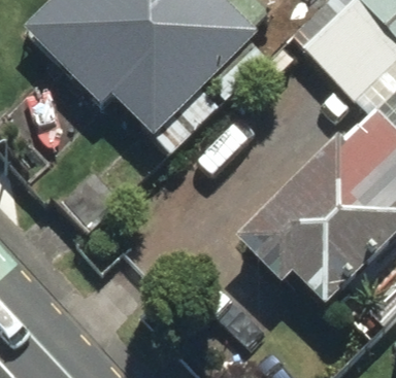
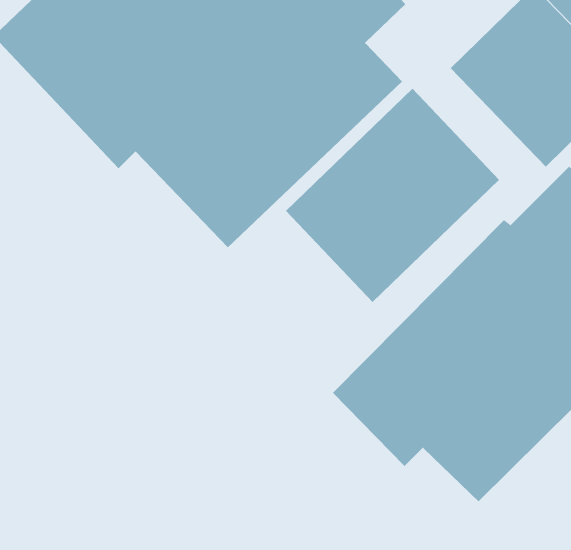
building: none -> [285,88,500,303]

